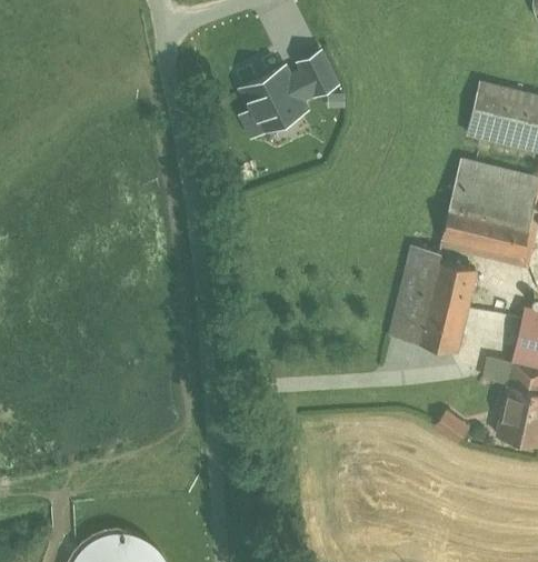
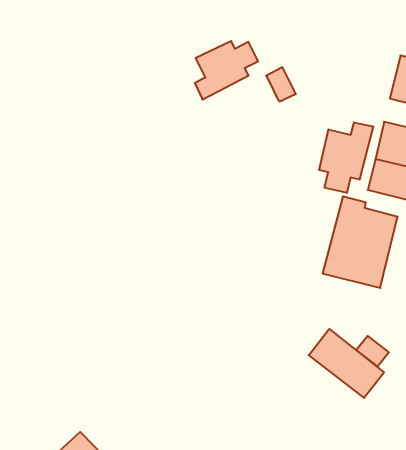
building: [300,52,335,92] -> [266,67,296,102]
building: none -> [319,122,373,193]
building: none -> [309,329,384,398]

